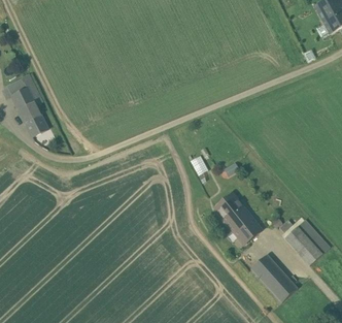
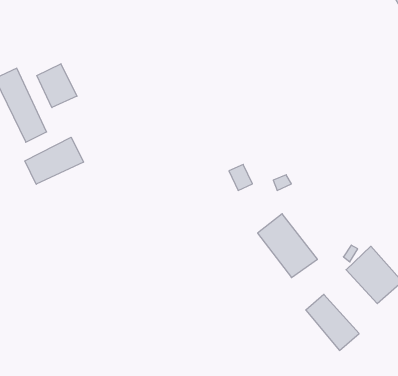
building: none -> [37,64,77,108]
building: none -> [25,137,83,184]

